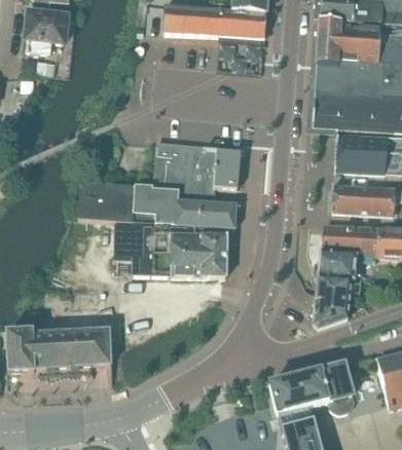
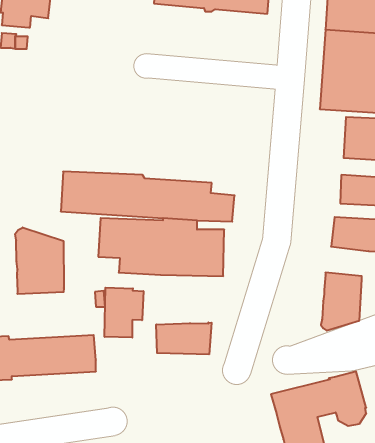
building: [152,145,240,192] -> none
building: none -> [15,227,64,294]
building: [318,250,357,280] -> none
building: none -> [105,288,143,338]
building: none -> [156,322,212,354]

